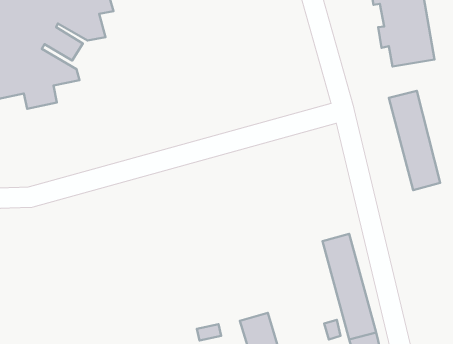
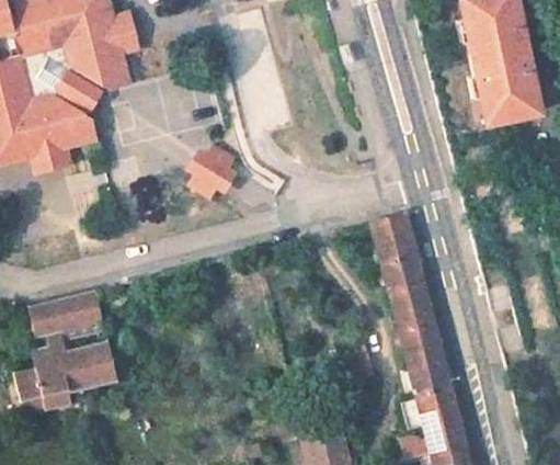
building: none -> [190,149,238,199]
building: [389,91,440,190] -> [368,213,431,334]
building: none -> [23,287,121,412]

